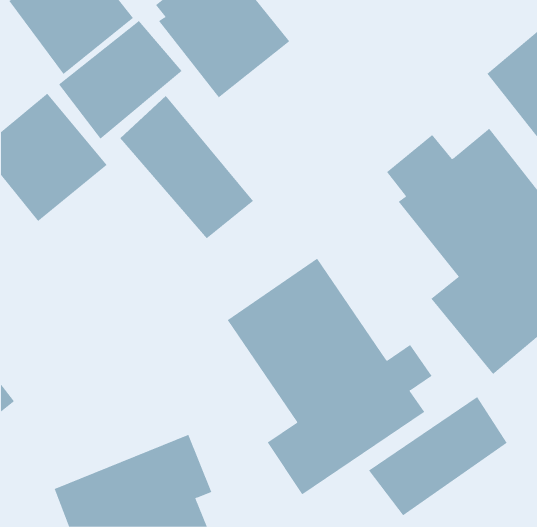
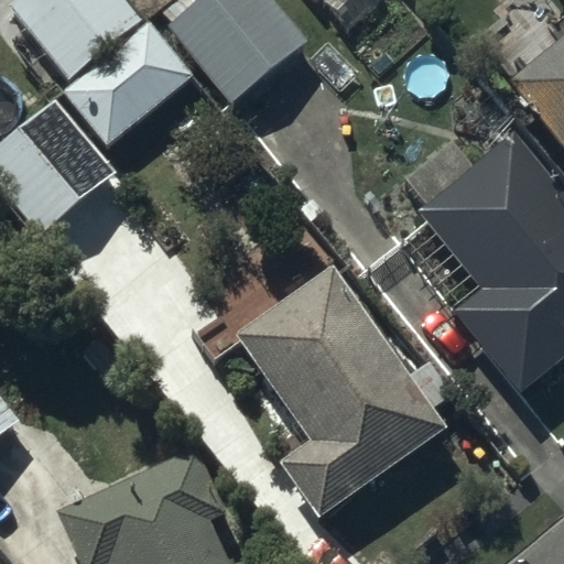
building: [120,95,254,239] -> none
building: [368,396,508,516] -> none

